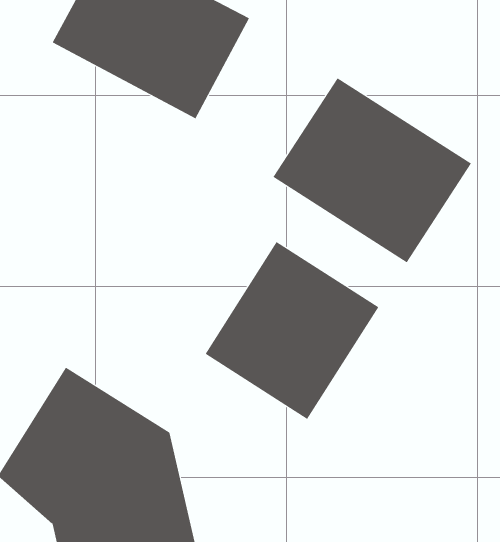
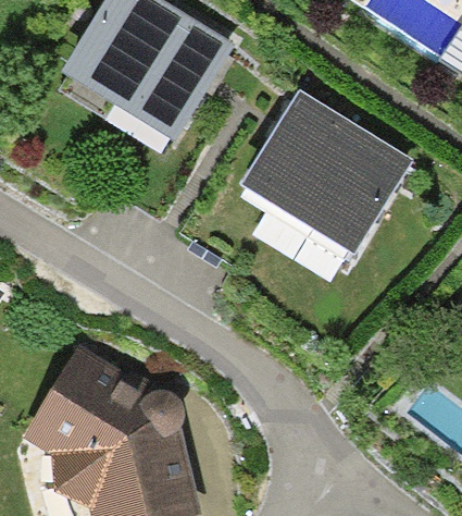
building: [205,241,379,420] -> none

